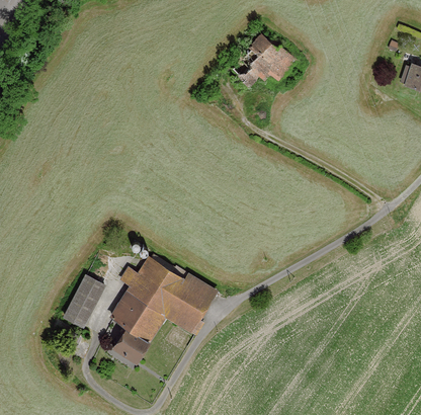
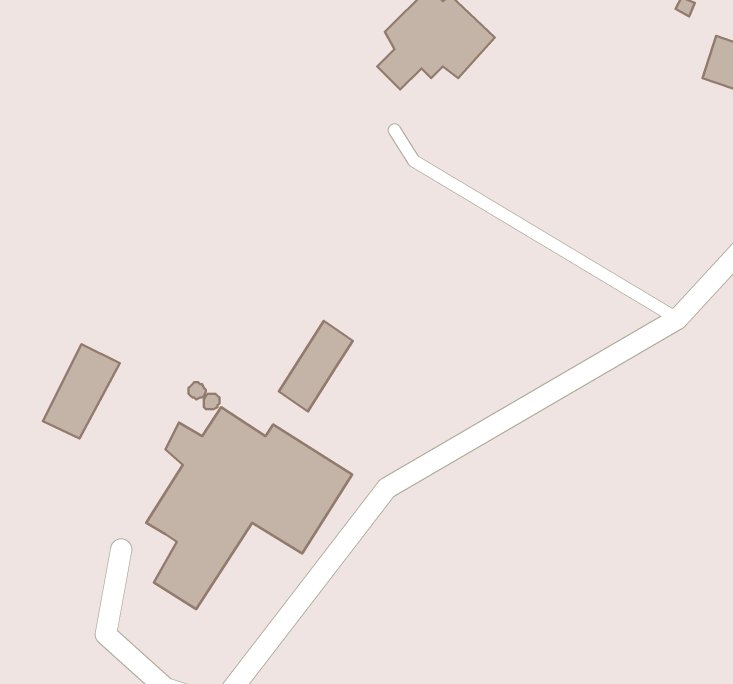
building: none -> [279,321,353,411]
building: [64,275,104,325] -> [43,344,120,438]

